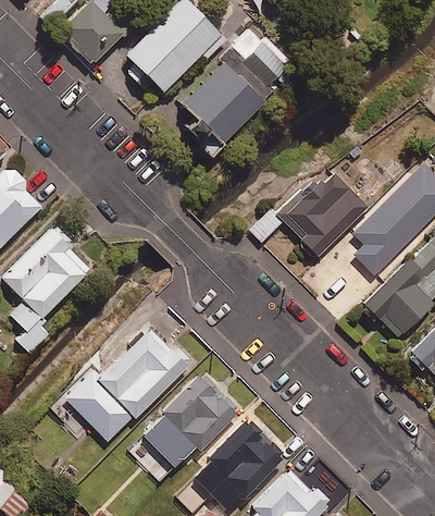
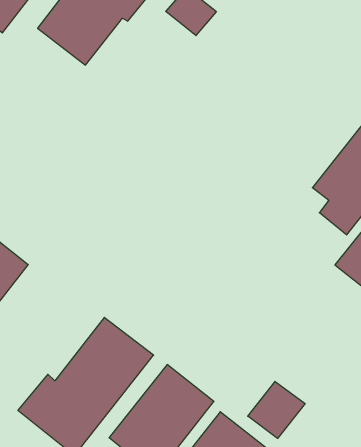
building: [178,58,265,153] -> none
building: [274,163,369,257] -> none
building: none -> [248,381,305,438]

